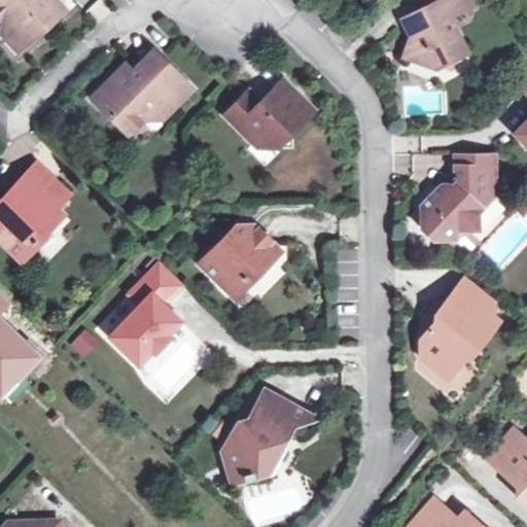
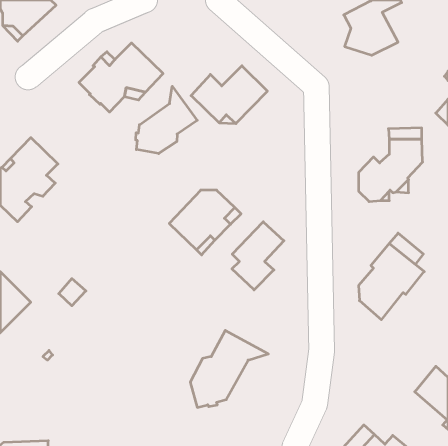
building: none -> [136,86,197,154]
building: [108,261,182,363] -> none
building: none -> [232,222,284,290]

